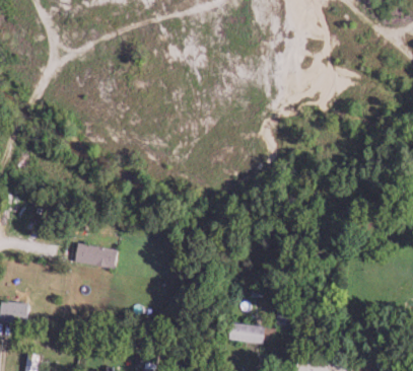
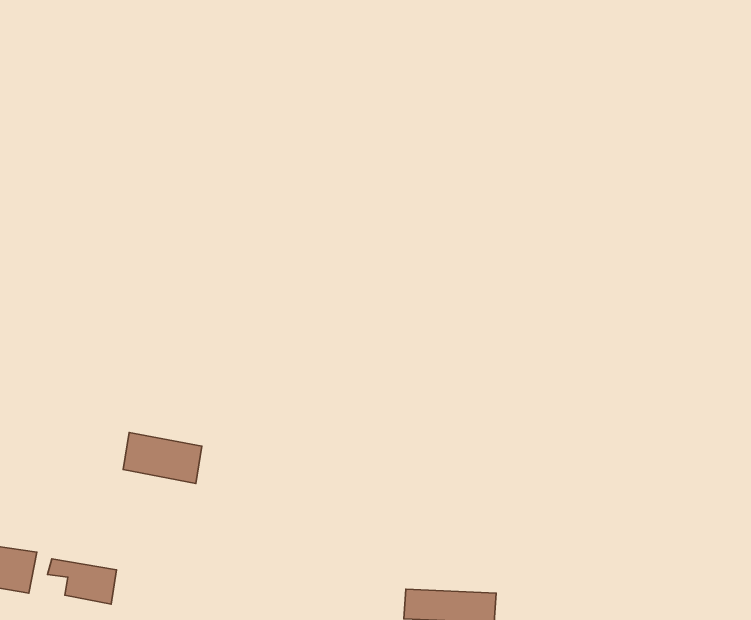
building: none -> [47,559,116,604]

